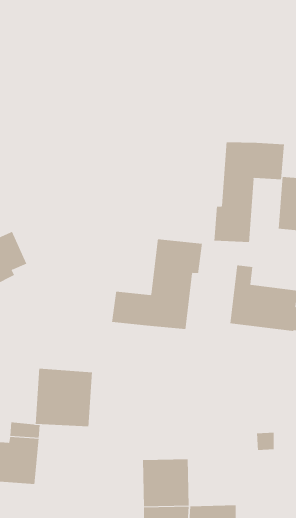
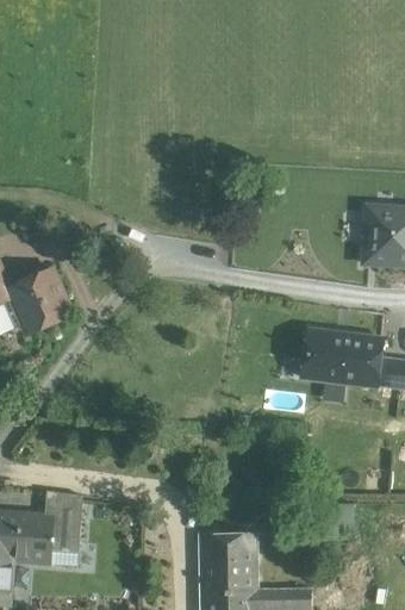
building: [214,142,284,243] -> none
building: [112,238,203,330] -> none
building: [35,368,93,427] -> none

